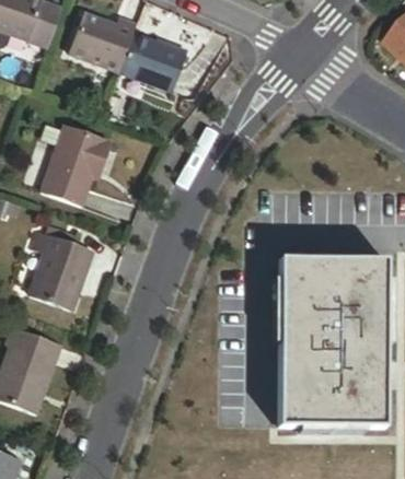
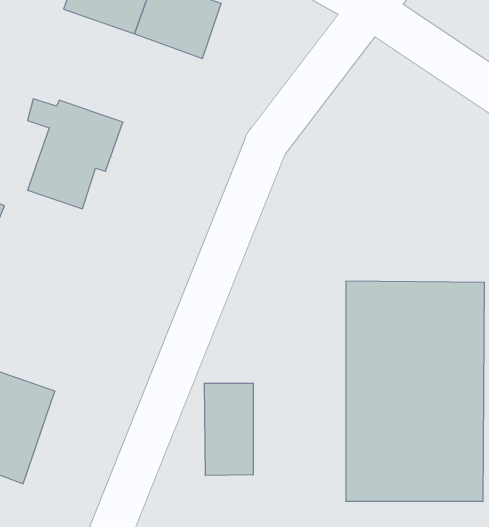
building: [26,230,90,309] -> none
building: none -> [204,383,253,476]

